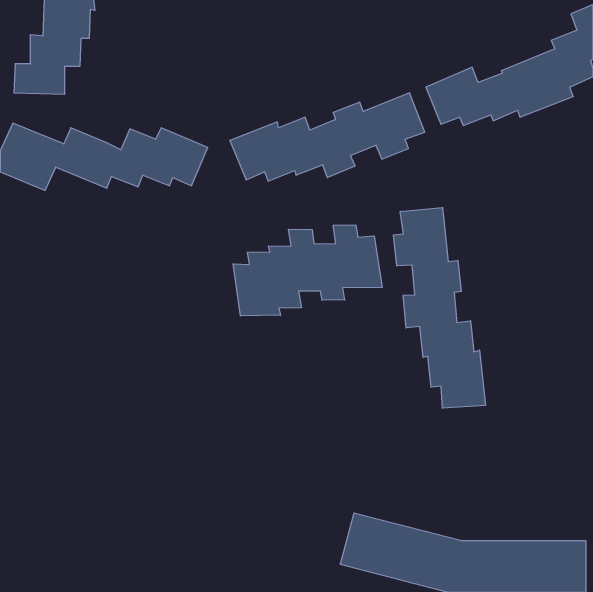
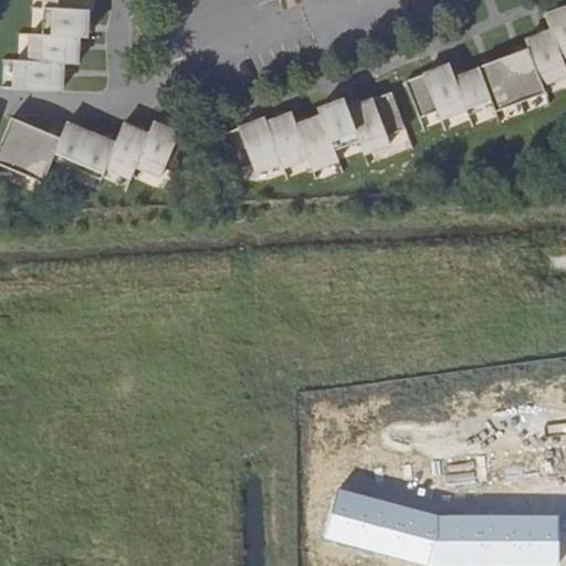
building: [394,207,485,408] -> none
building: [233,225,382,316] -> none

